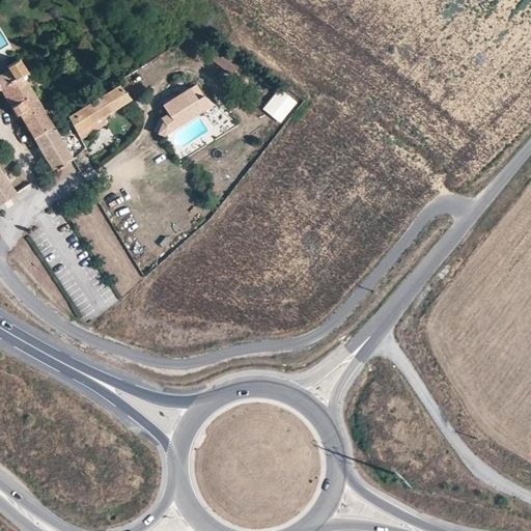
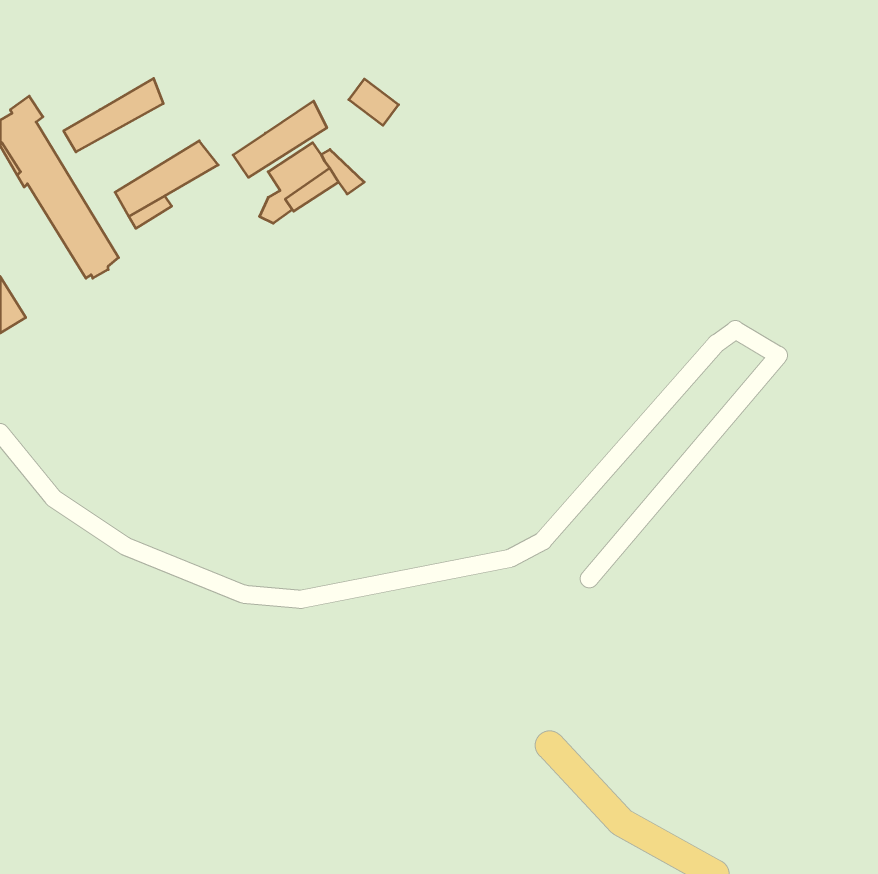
building: none -> [64,78,163,152]
building: none -> [233,101,327,177]
building: [263,87,296,120] -> none

